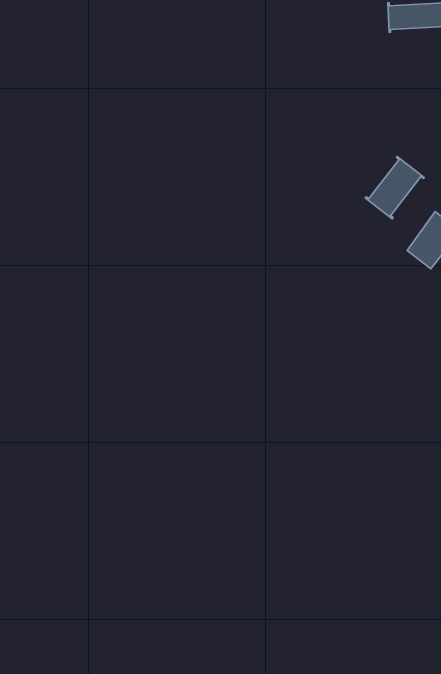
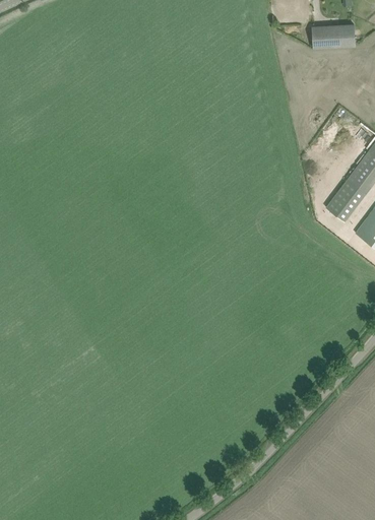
building: [365,157,424,219] -> none

